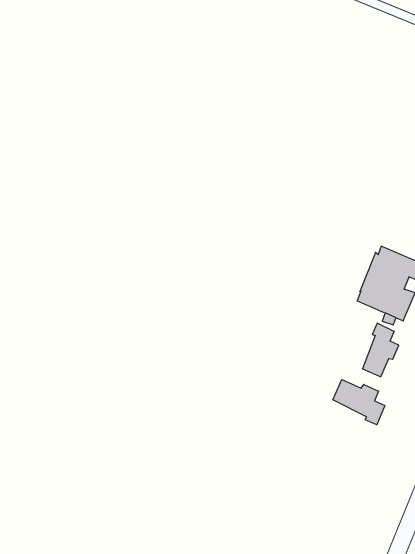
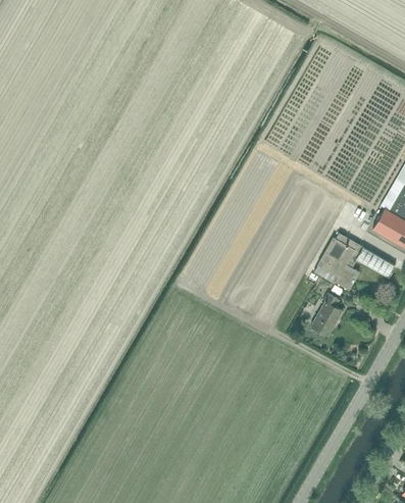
building: [333,380,385,425] -> none

